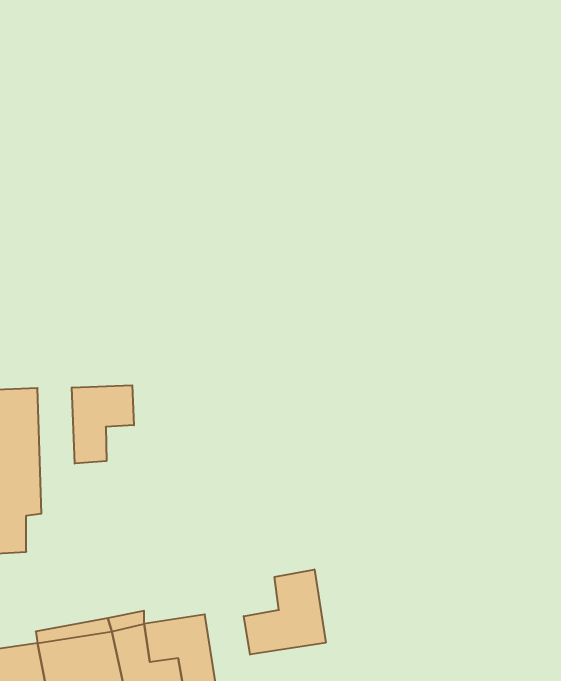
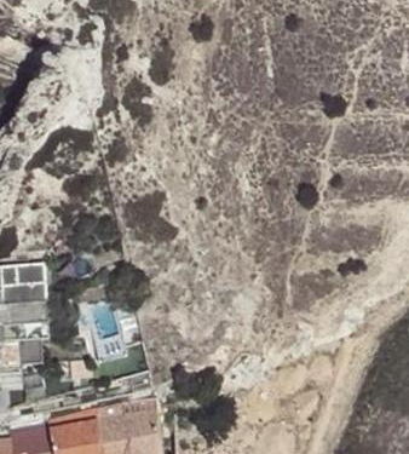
building: [72,385,134,464] -> none
building: [244,569,326,655] -> none

